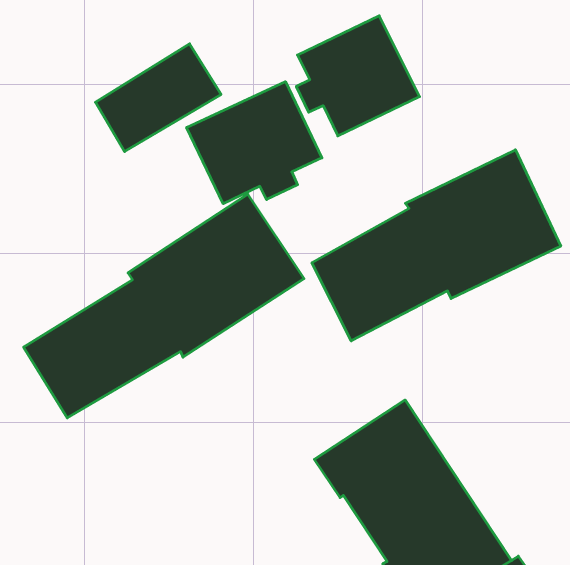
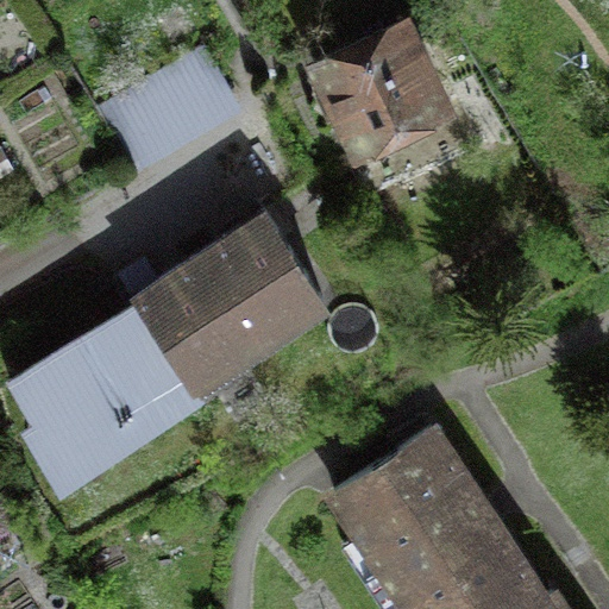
building: [187,82,322,204] -> none
building: [312,150,561,341] -> none

